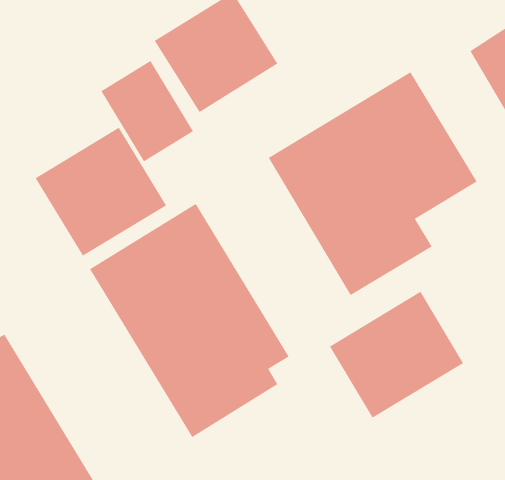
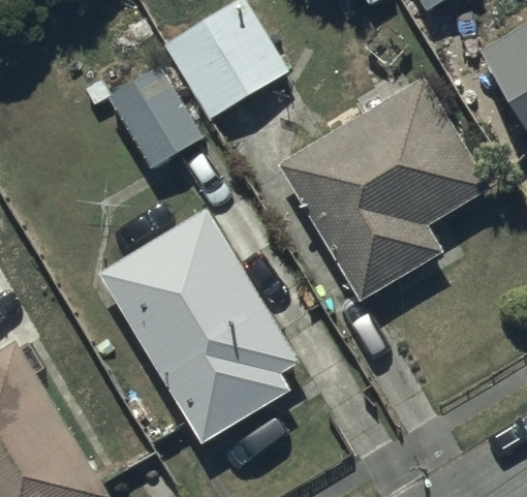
building: [35,127,167,257] -> none
building: [329,291,464,419] -> none

